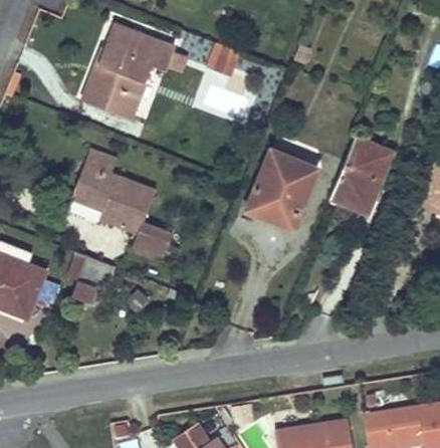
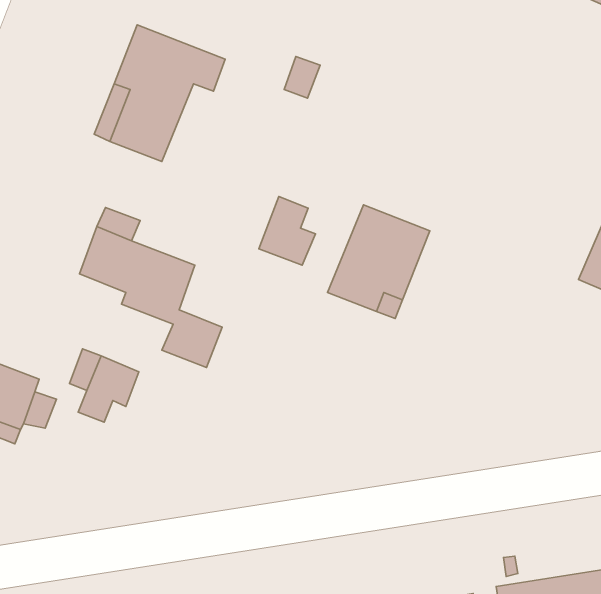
building: [332,135,394,211] -> none
building: none -> [259,196,316,265]

